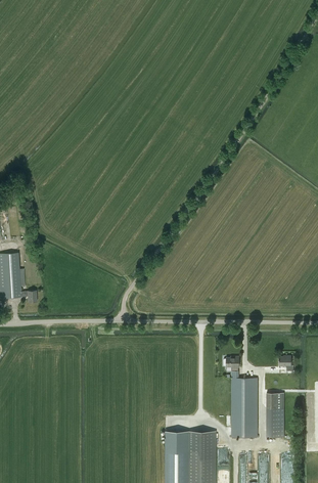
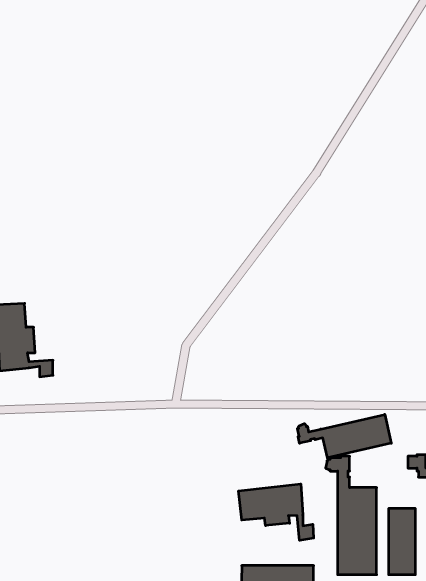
building: none -> [297,414,391,458]
building: none -> [239,484,314,540]

